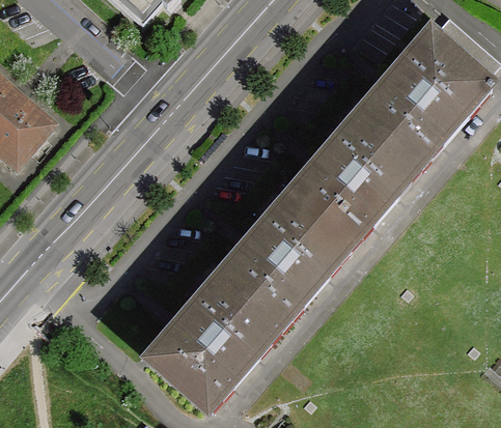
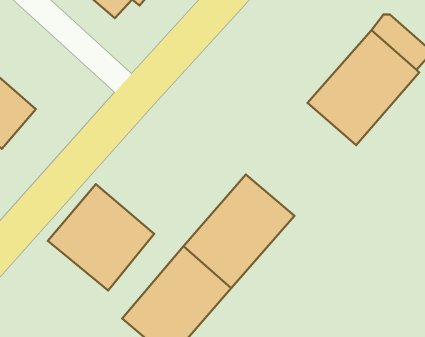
building: [289,118,414,246] -> none
building: none -> [48,184,154,291]

